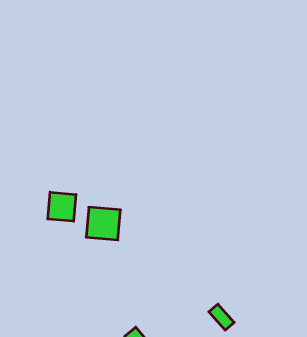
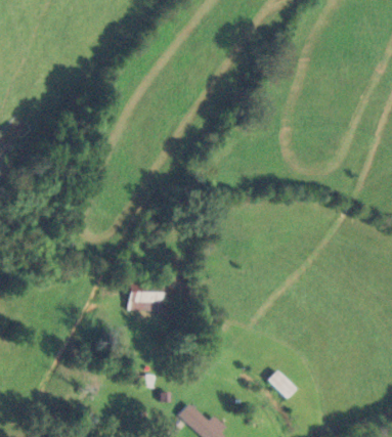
building: [48,192,76,221] -> none

